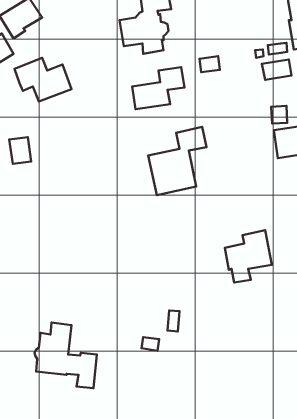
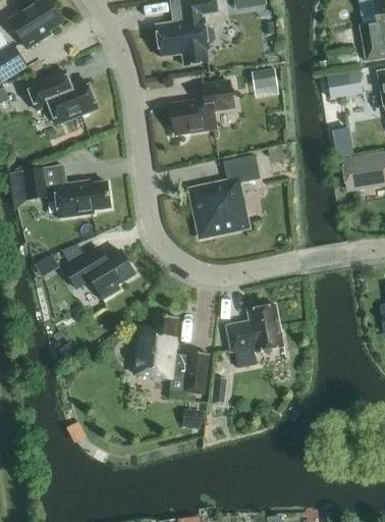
building: none -> [54,180,110,217]
building: none -> [63,246,134,298]
building: [225,230,272,282] -> [226,304,283,367]
building: [35,323,97,388] -> [132,314,208,394]

